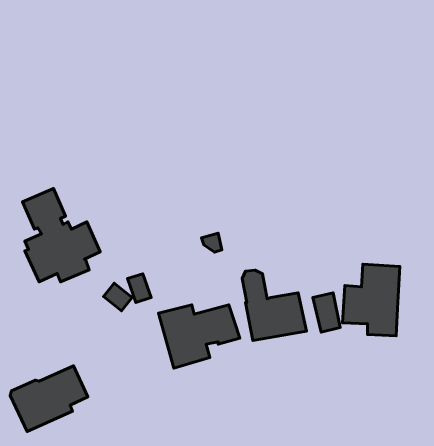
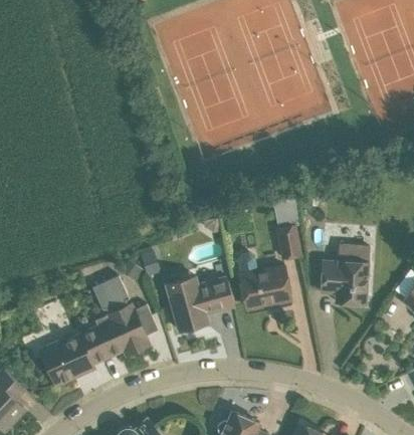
building: [22,189,100,282] -> [92,276,158,355]
building: [313,293,340,332] -> [276,226,299,259]

